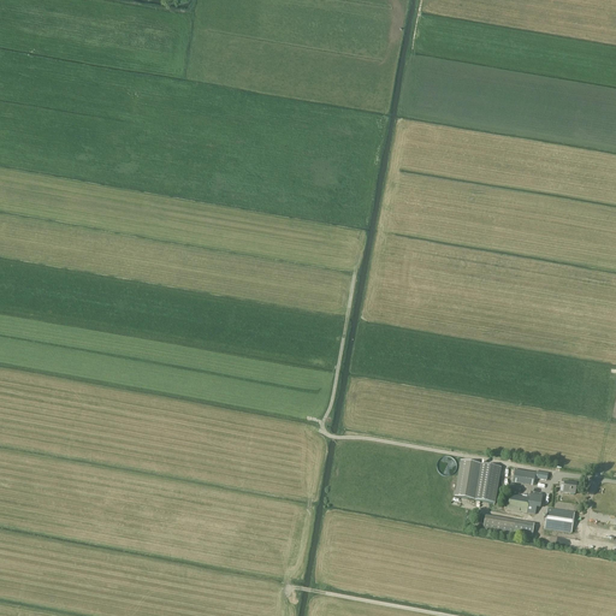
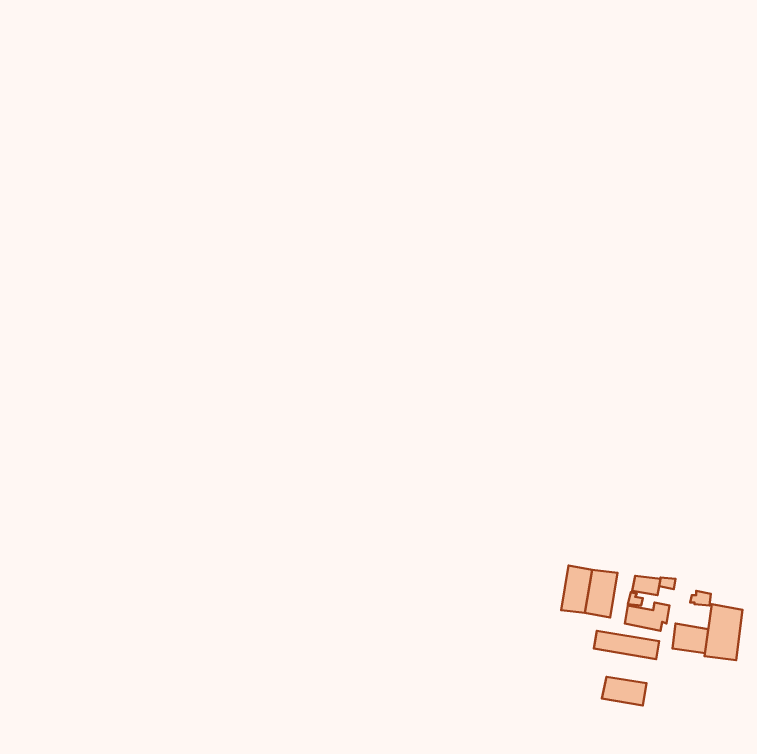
building: none -> [705,604,743,660]
building: none -> [602,677,646,706]

